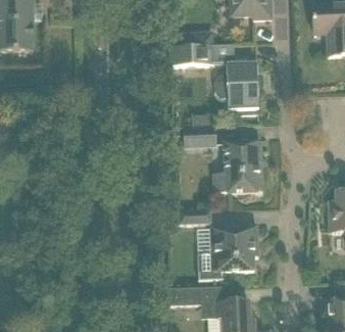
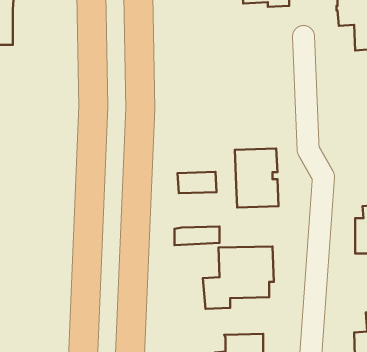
building: [170,43,211,64] -> none
building: [215,60,258,108] -> none
building: [183,126,216,144] -> [178,172,217,193]
building: [166,285,216,304] -> none

